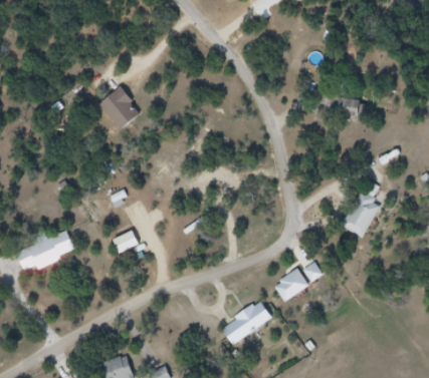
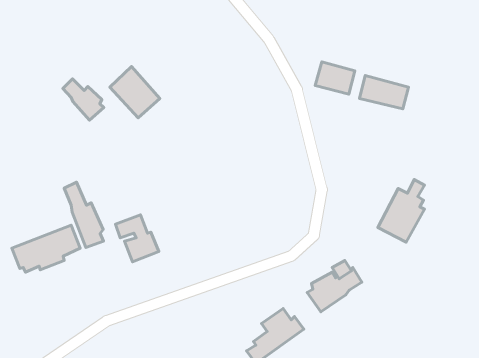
building: none -> [315,62,355,94]
building: none -> [63,79,104,120]
building: none -> [64,182,103,247]

